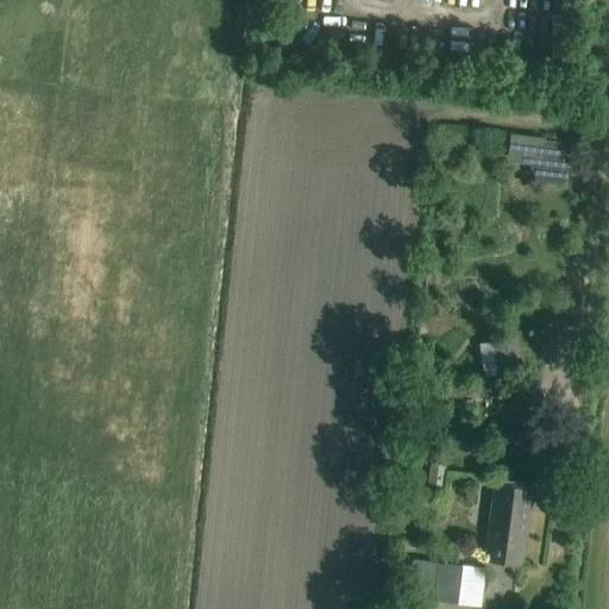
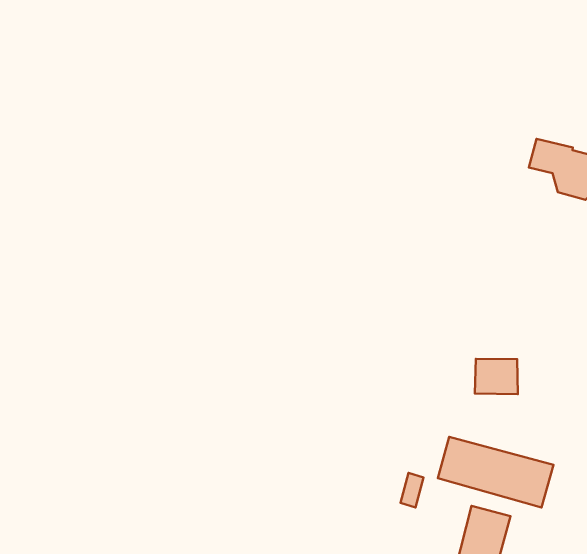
building: none -> [438,437,553,508]

